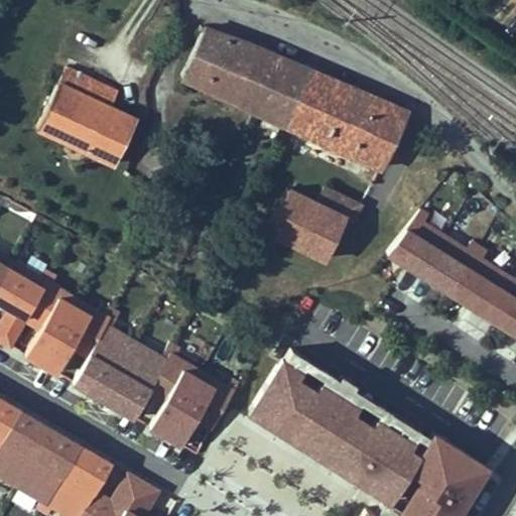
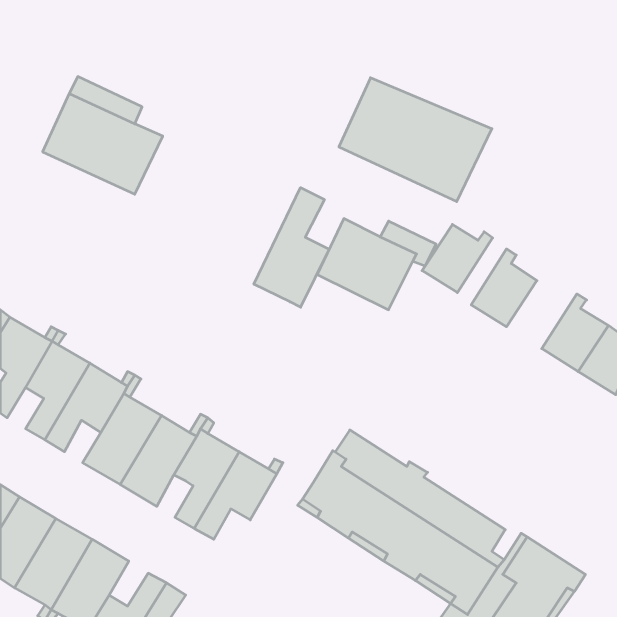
building: [182,25,310,125] -> none
building: none -> [254,188,329,307]
building: [423,236,482,292] -> [422,224,493,293]

